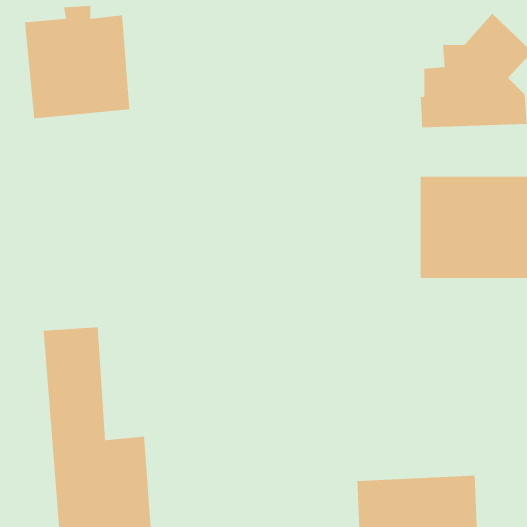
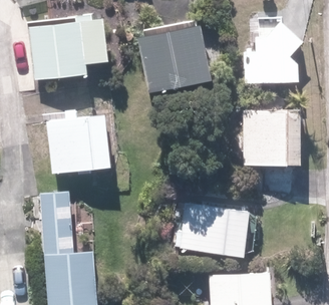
building: none -> [136,27,213,91]
building: none -> [46,111,97,175]
building: none -> [173,203,252,258]

